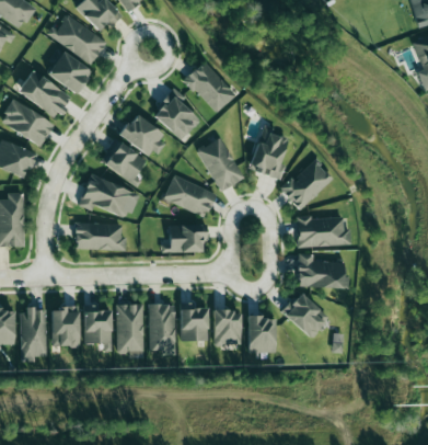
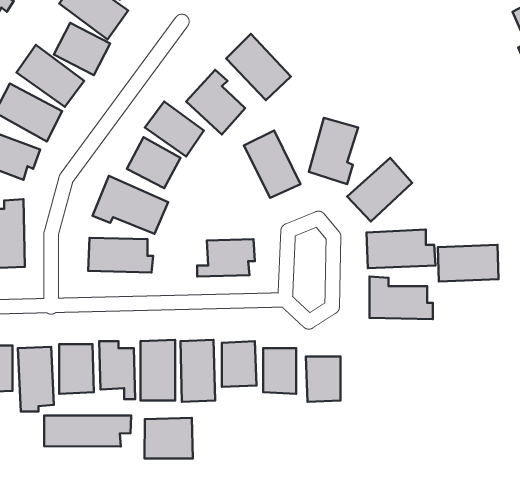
building: [163,174,216,217] -> none
building: none -> [438,245,498,282]
building: [281,292,328,338] -> none
building: none -> [44,416,131,446]
building: none -> [144,418,193,458]

